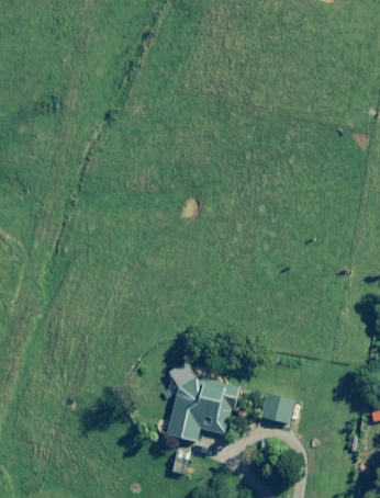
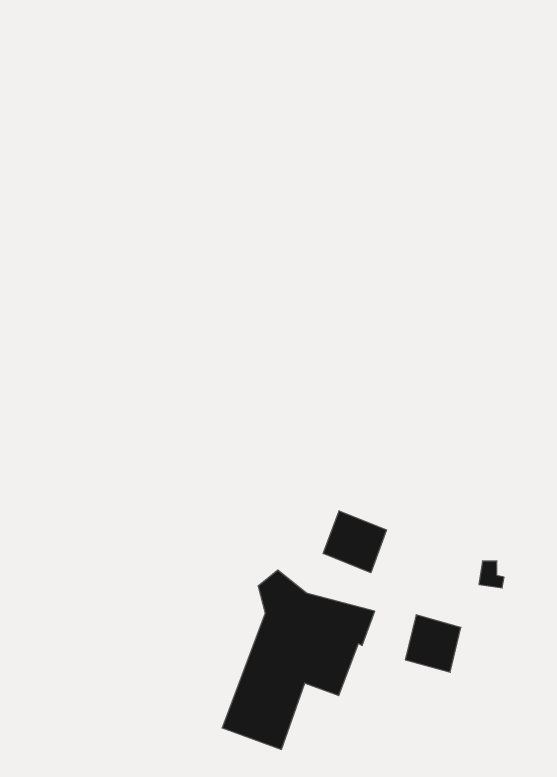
building: none -> [323,511,387,573]

